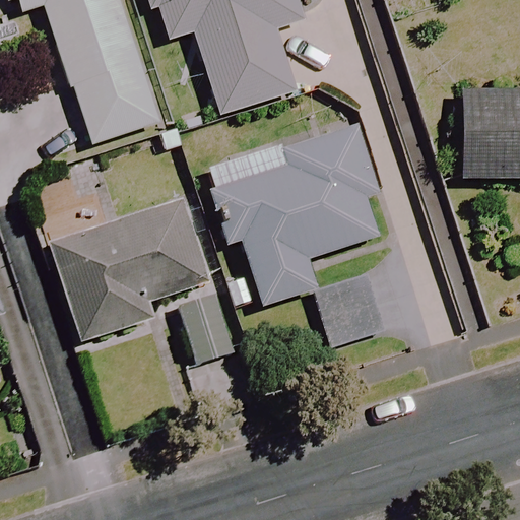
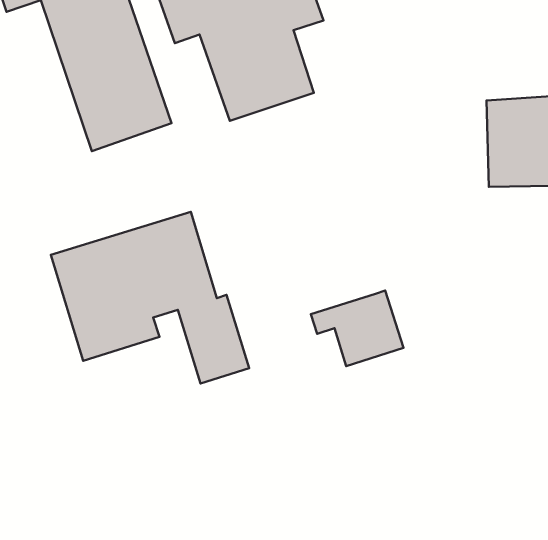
building: [212,125,378,304] -> none

